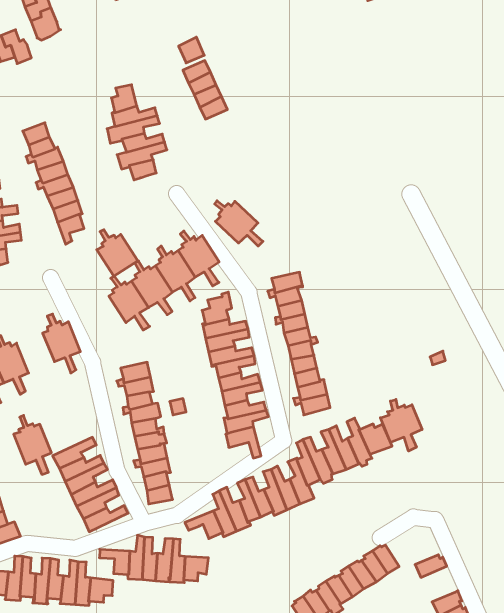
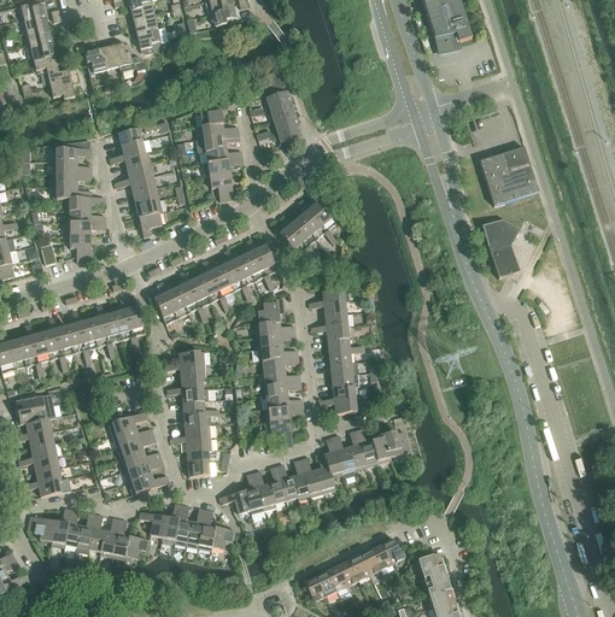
building: none -> [480,146,538,204]
building: none -> [481,218,520,277]
building: none -> [298,198,338,243]
building: [97,230,138,276] -> [153,281,188,323]
building: [380,399,422,451] -> none
building: [14,415,51,474] -> [89,302,121,357]
building: none -> [421,563,450,593]

